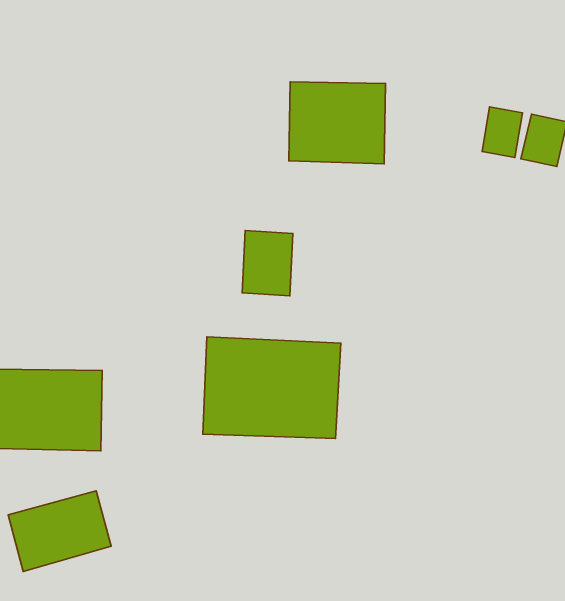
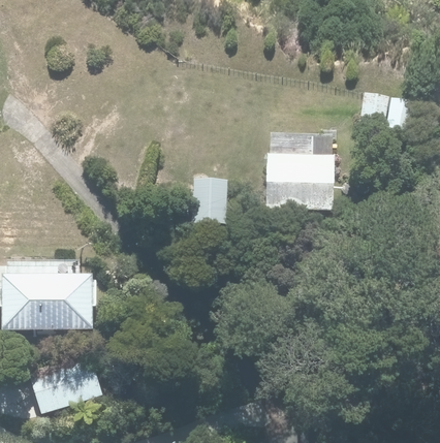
building: [289,82,386,164] -> [265,152,333,209]
building: [203,337,341,439] -> none

